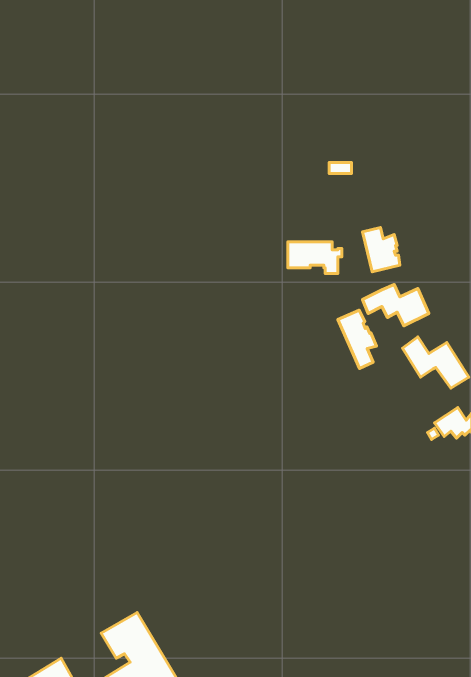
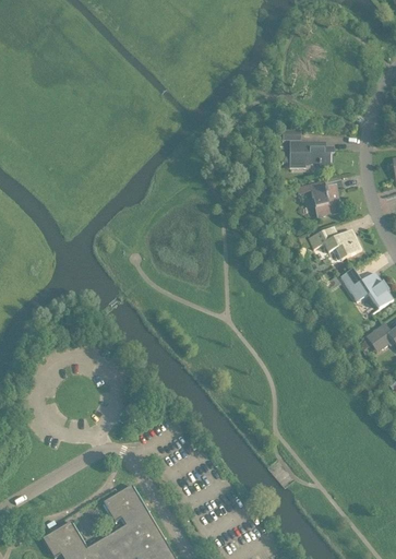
building: [288,242,342,274] -> [290,143,333,168]
building: [338,310,377,368] -> none

